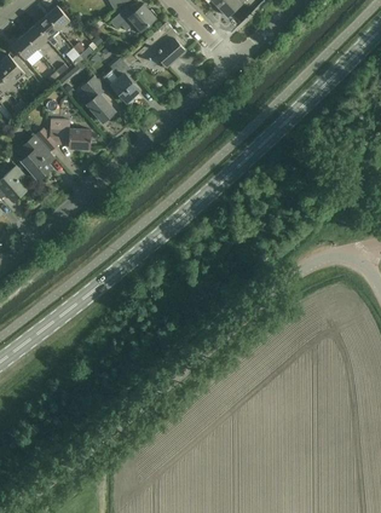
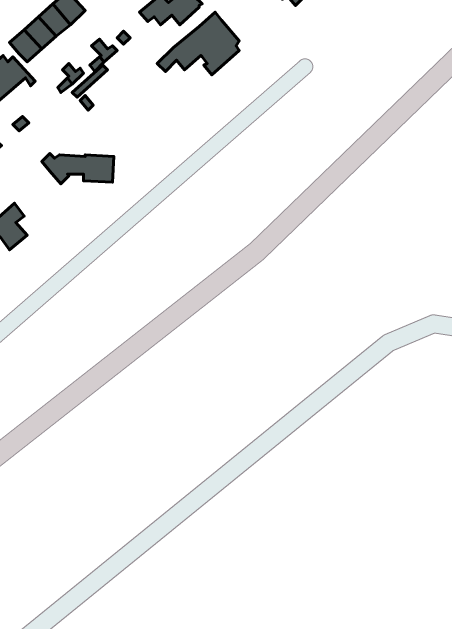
building: [110,52,139,102] -> none
building: [81,75,115,123] -> none
building: [21,136,53,179] -> none

